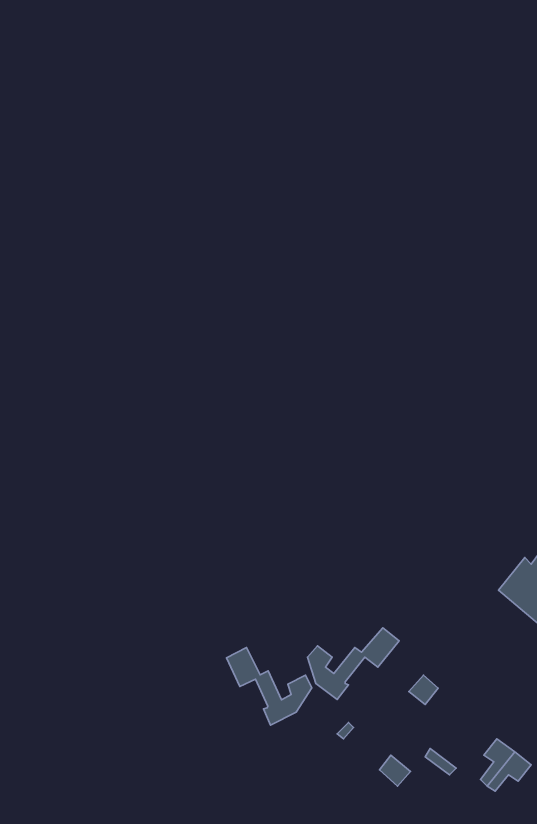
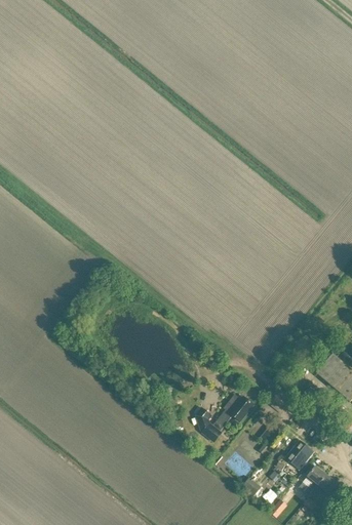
building: [227,647,312,725] -> none
building: none -> [285,441,313,469]

